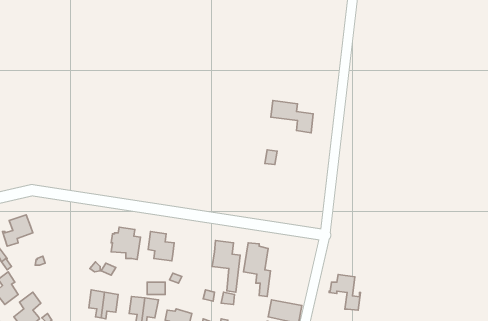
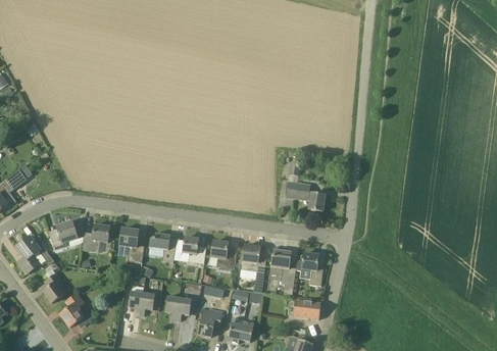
building: [271,100,313,133] -> [286,181,325,210]
building: none -> [82,223,110,251]
building: none -> [119,228,144,261]
building: none -> [211,240,237,269]
building: [329,274,360,310] -> [295,252,324,285]

